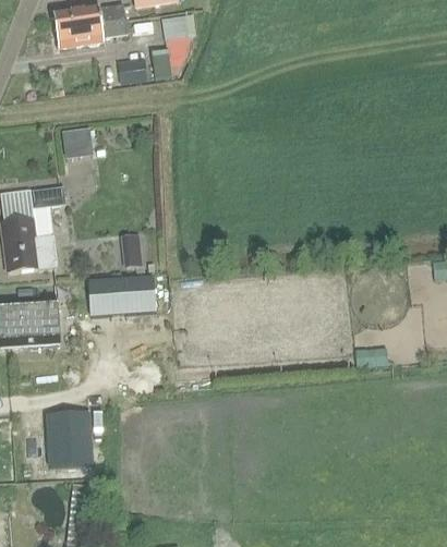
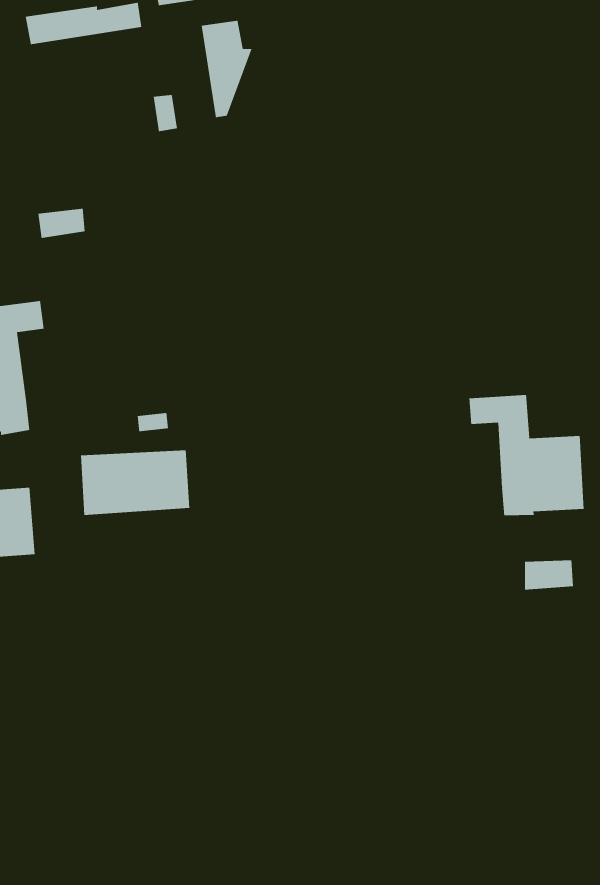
building: [57,17,128,46] -> none
building: none -> [469,394,584,516]
building: [46,411,93,465] -> none

